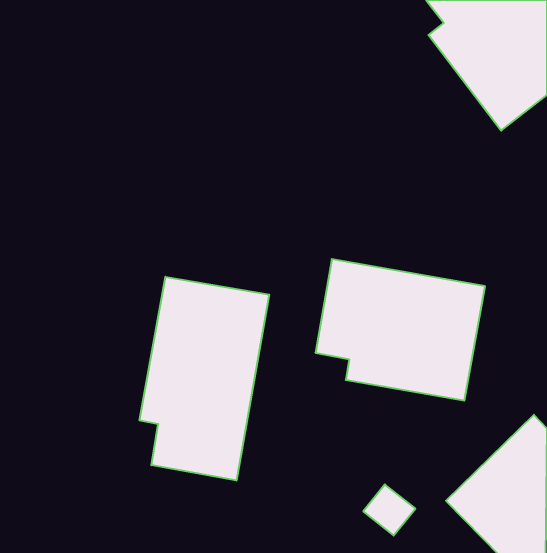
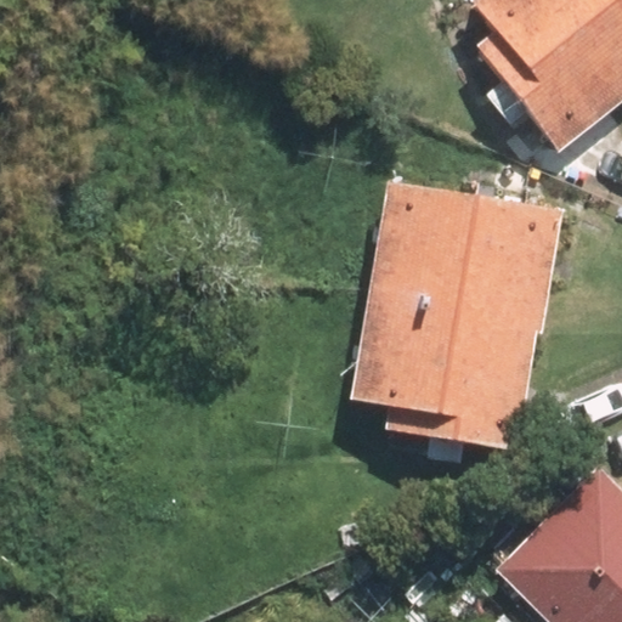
building: none -> [371,182,561,323]
building: [140,277,269,481] -> none

